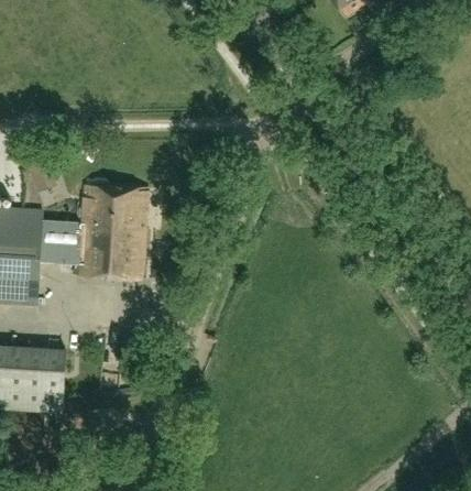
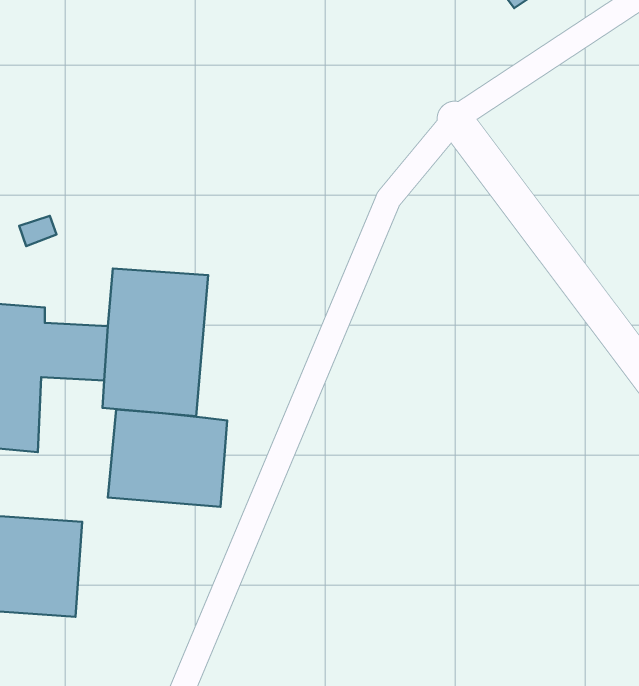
building: none -> [108,410,227,507]

